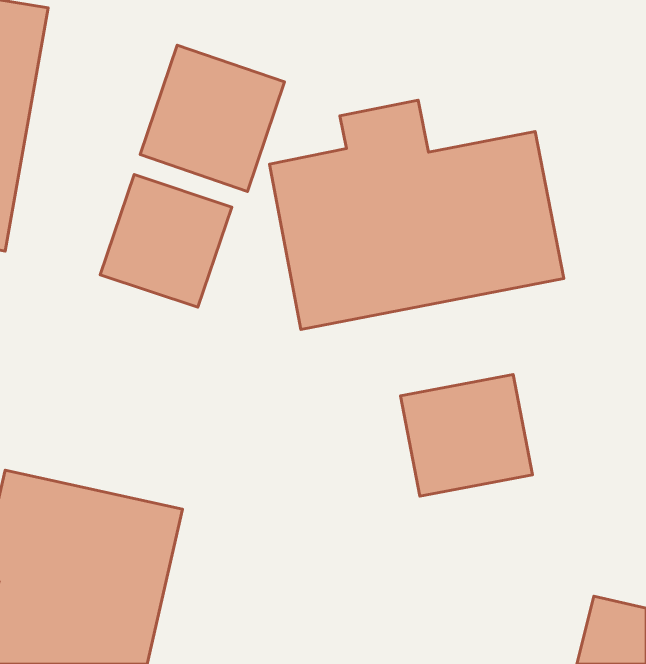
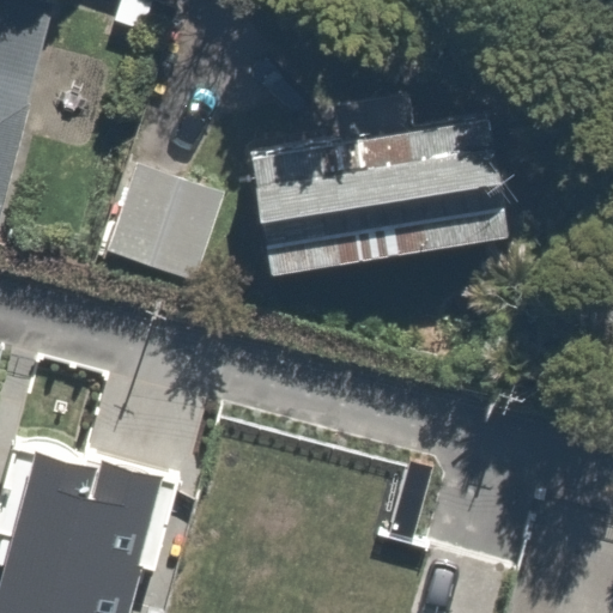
building: [140,45,285,191] -> none
building: [400,374,533,496] -> none

